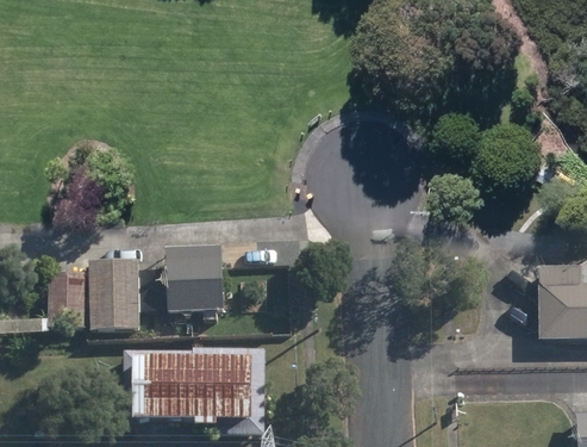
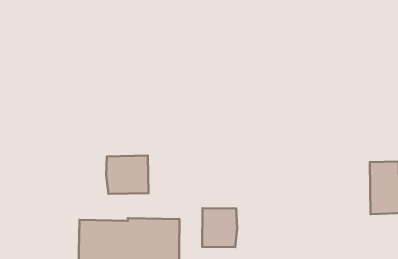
building: [50,256,140,328] -> none
building: none -> [202,208,237,247]

